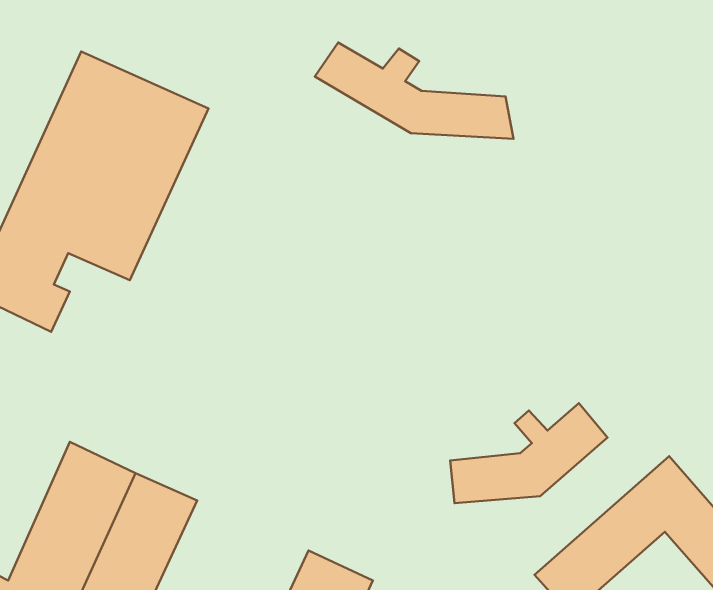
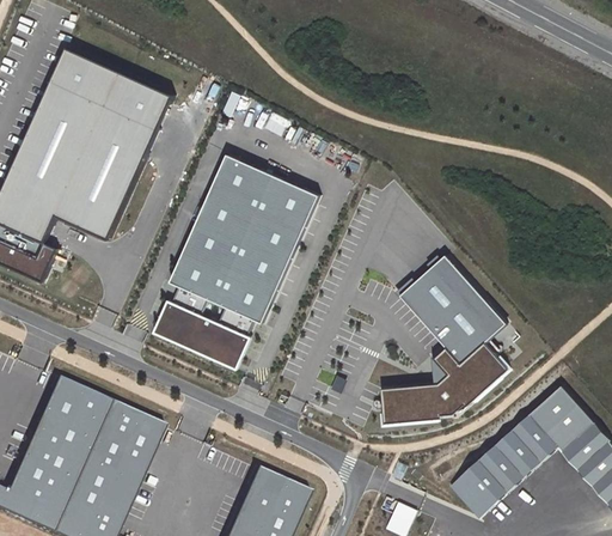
building: [315,42,513,139] -> none
building: none -> [160,153,320,361]
building: none -> [396,254,503,364]

